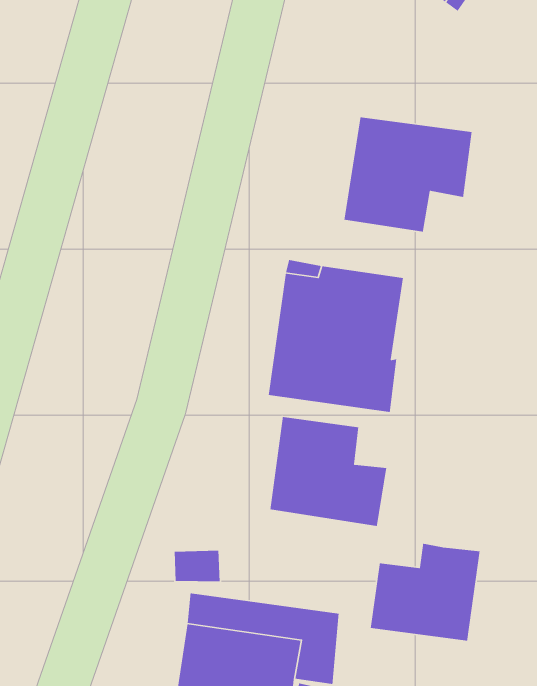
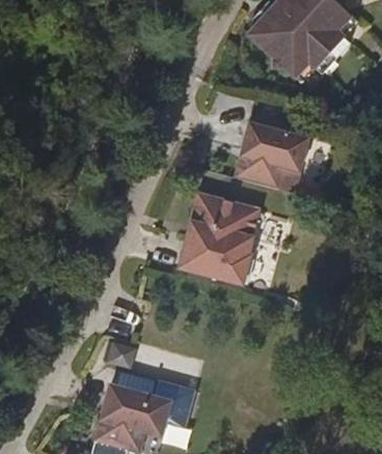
building: [270,416,387,527] -> none
building: [370,543,480,641] -> none

